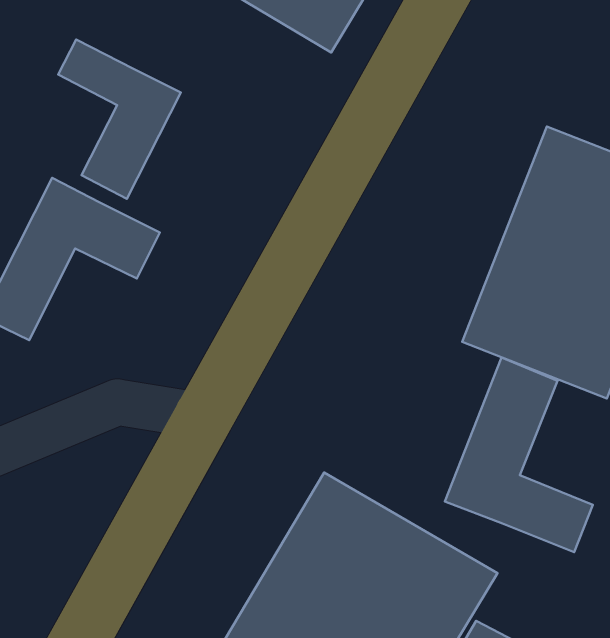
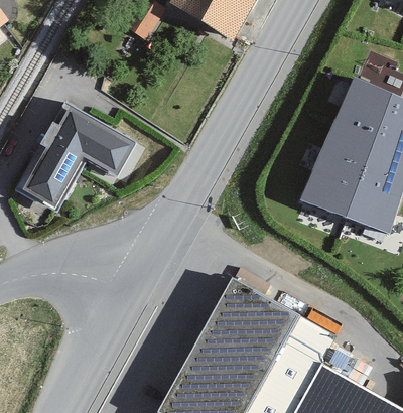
building: [58,40,181,199] -> none
building: [445,358,593,552] -> none

